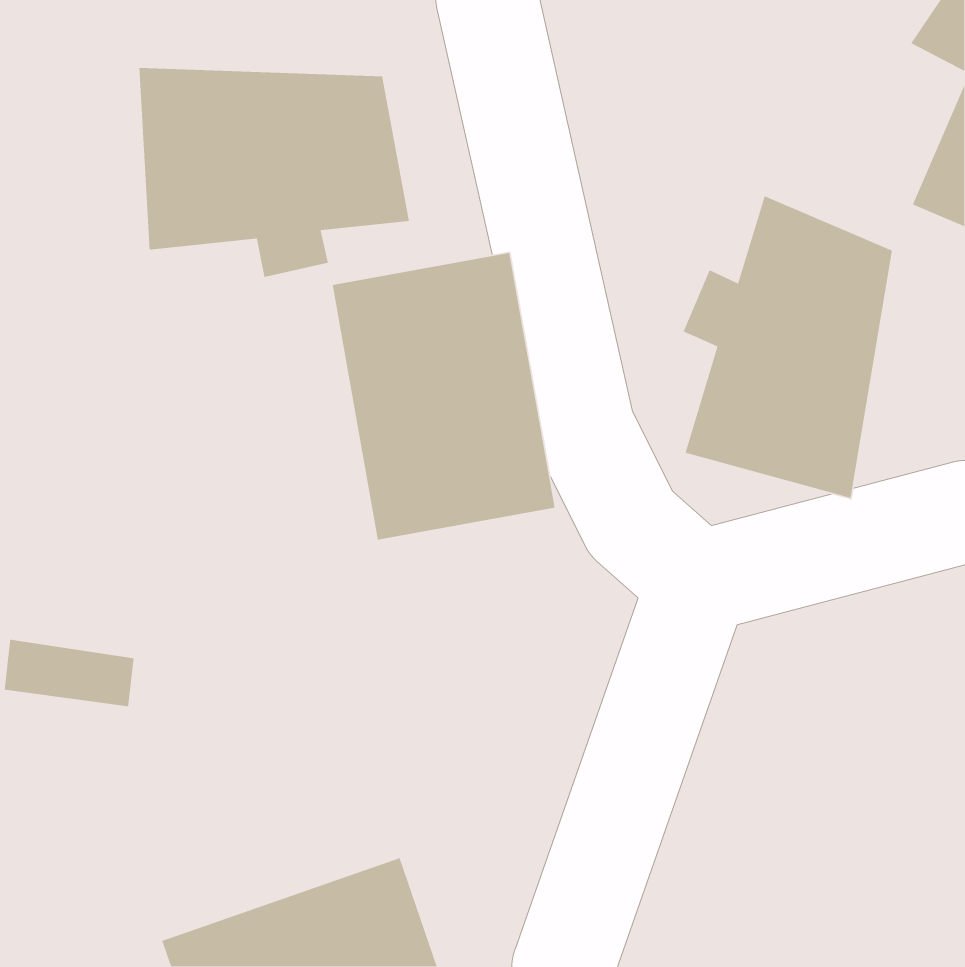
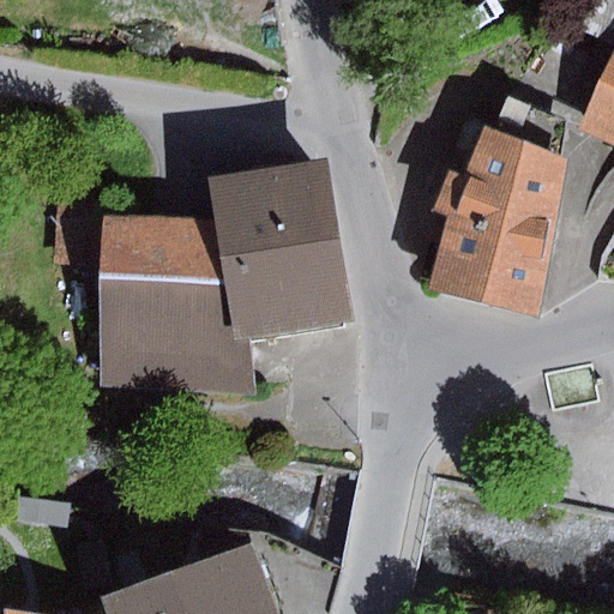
building: [138,67,410,278] -> none
building: none -> [50,200,241,395]

